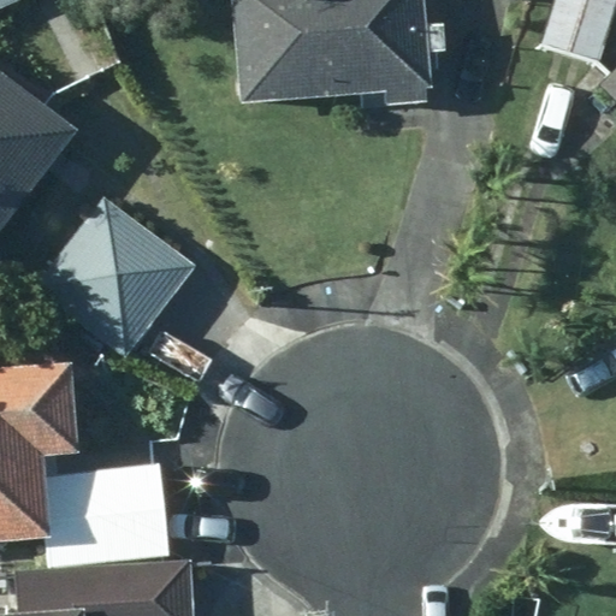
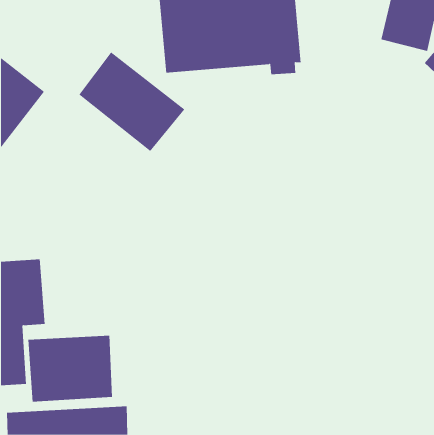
building: none -> [78,52,185,152]
building: [34,192,196,354] -> none

